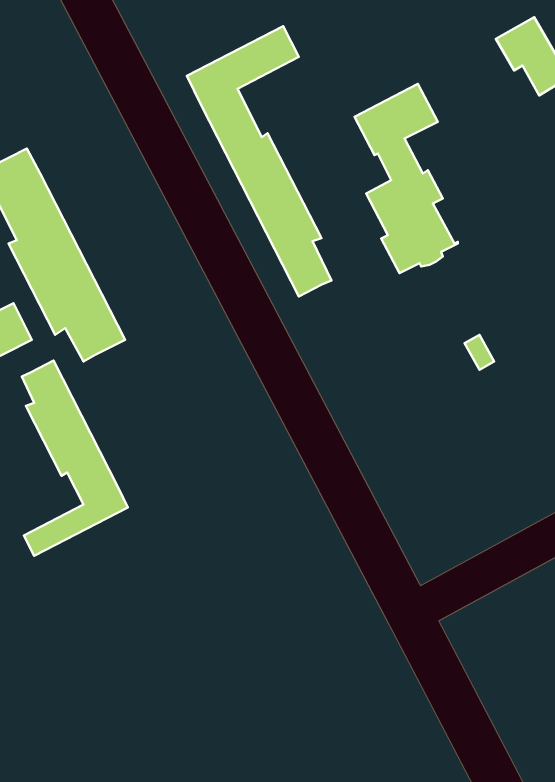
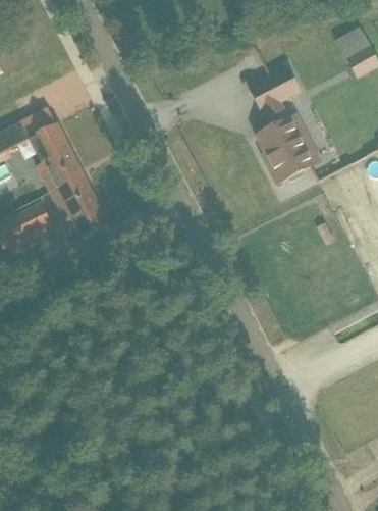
building: [187,26,331,297] -> none
building: [22,361,128,556] -> none

